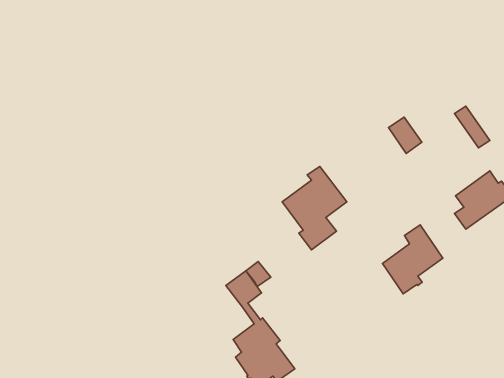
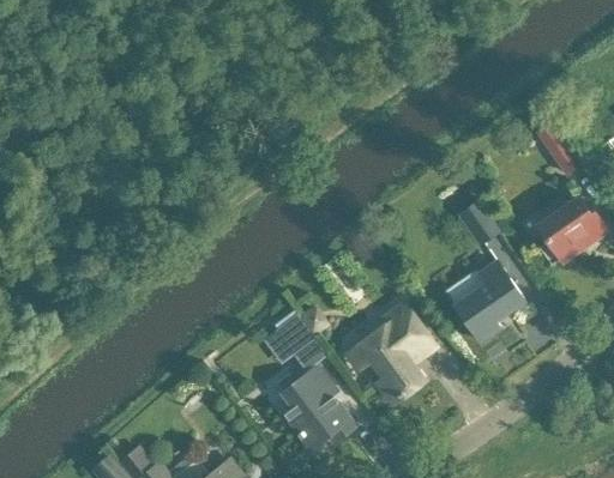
building: [388,117,422,154] -> [459,201,498,243]
building: [282,167,347,250] -> [360,305,434,401]

